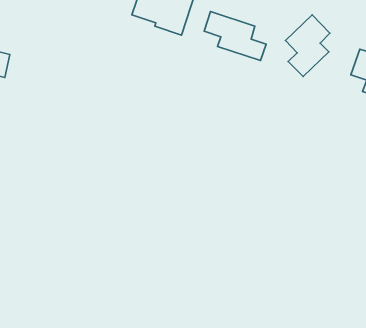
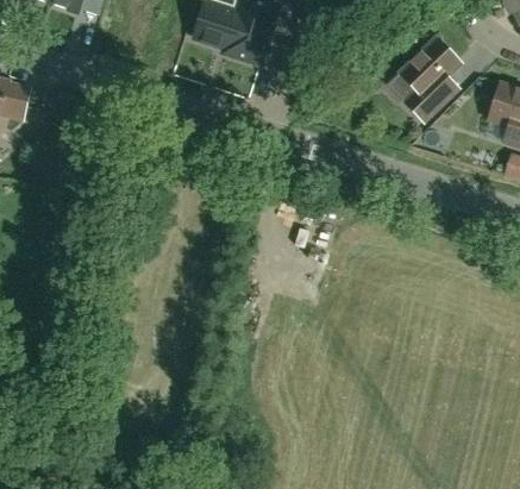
building: [204,12,266,60] -> none

